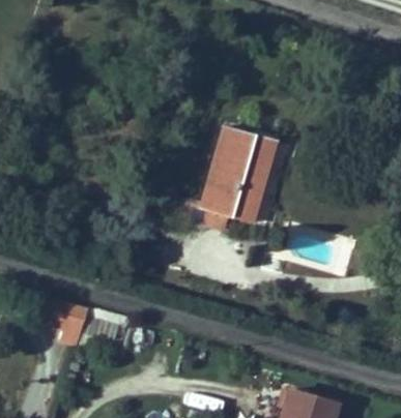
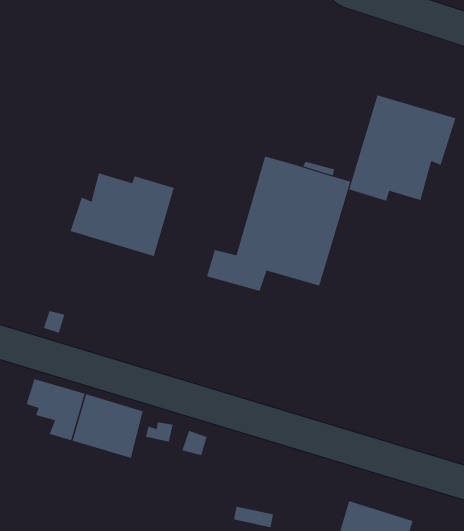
building: none -> [349,94,456,201]
building: none -> [70,173,175,257]

